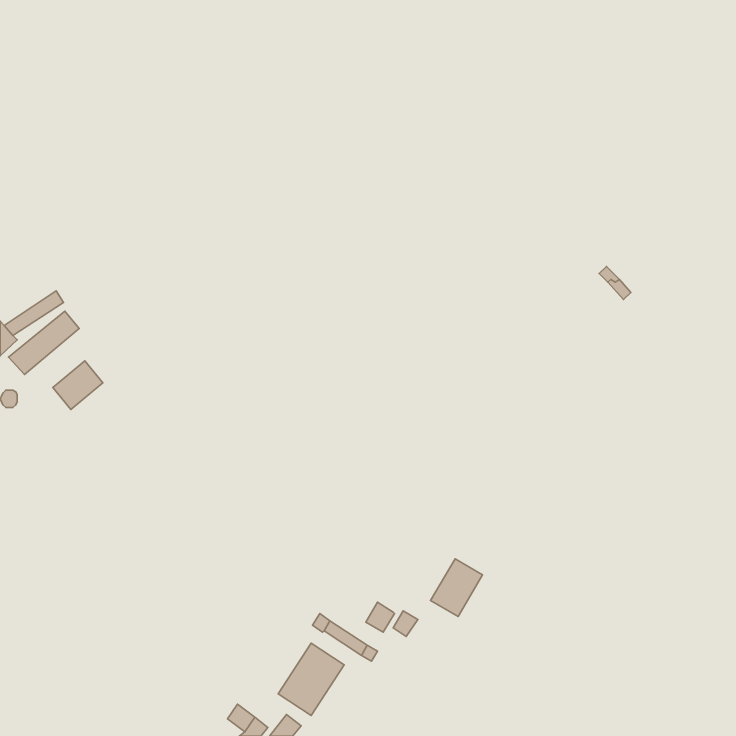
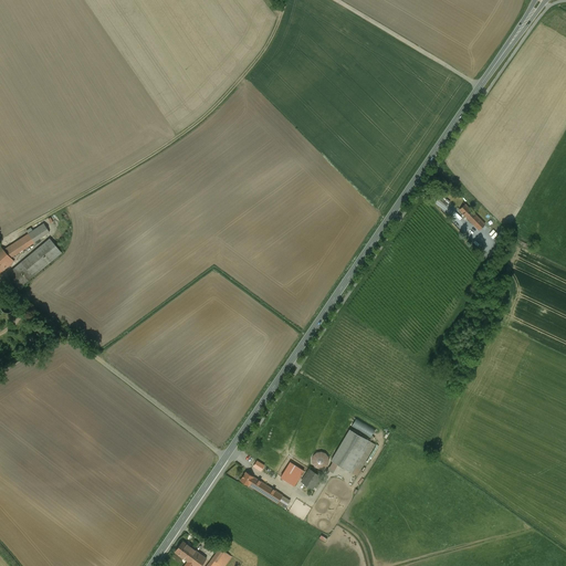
building: [53,361,103,410] -> none
building: [278,643,344,716] -> none

